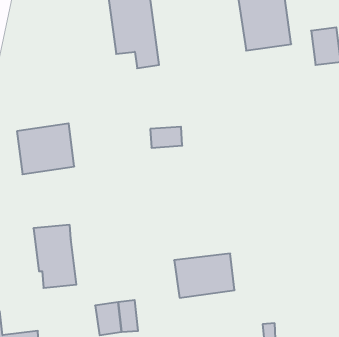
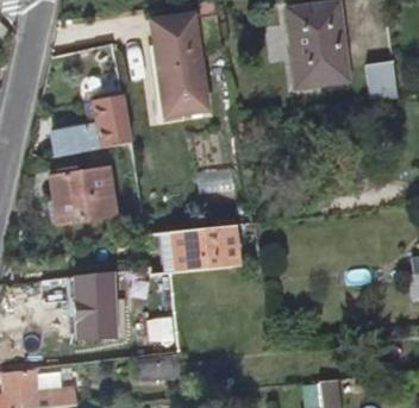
building: none -> [51,94,129,151]
building: [174,254,235,298] -> [173,228,238,276]

